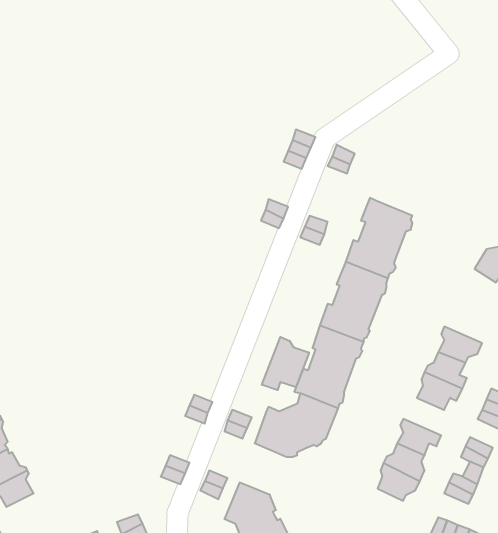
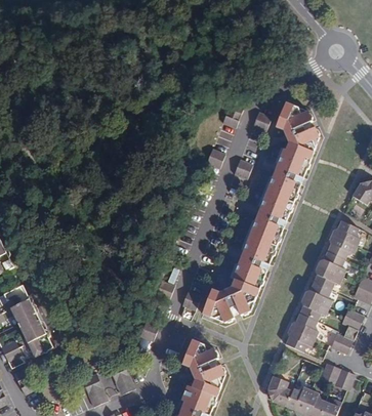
building: none -> [276,102,319,160]
building: none -> [331,221,359,246]
building: [262,337,309,390] -> none
building: none -> [303,283,332,308]

